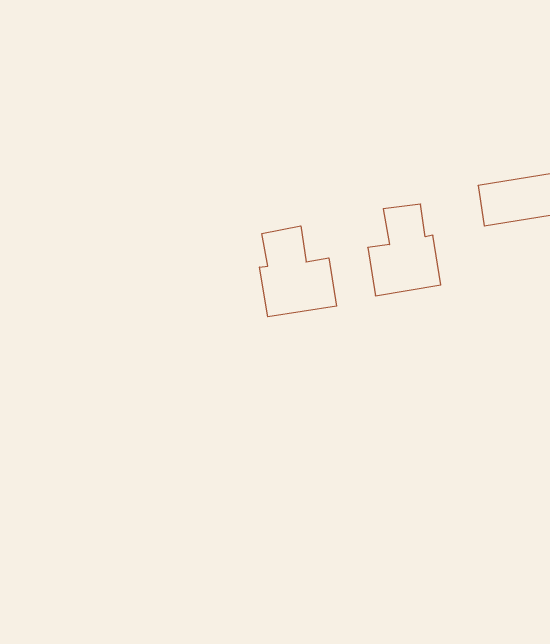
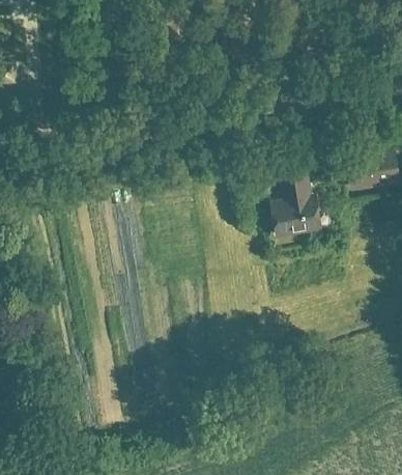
building: [260,226,337,317] -> none

